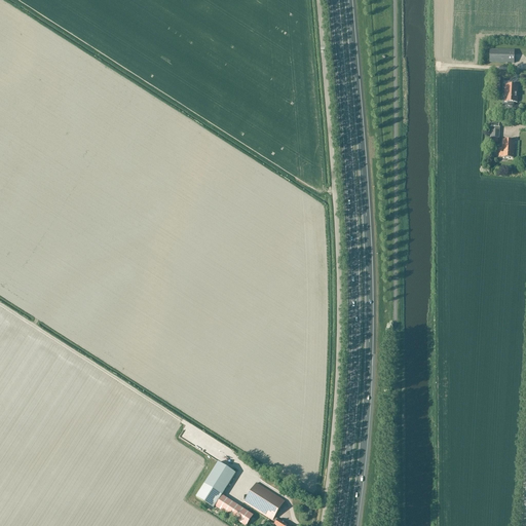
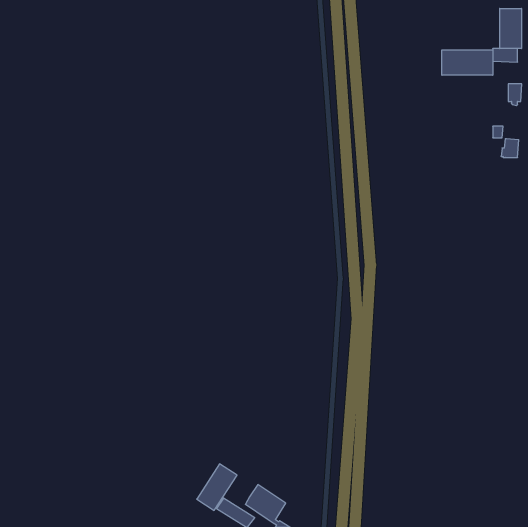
building: none -> [500,8,521,49]
building: none -> [442,50,493,75]

